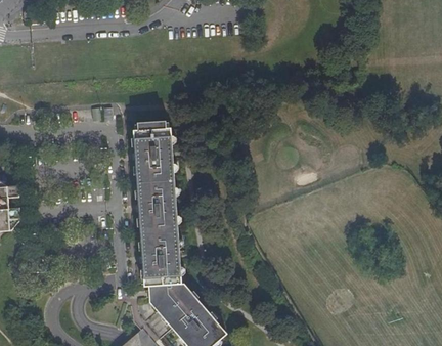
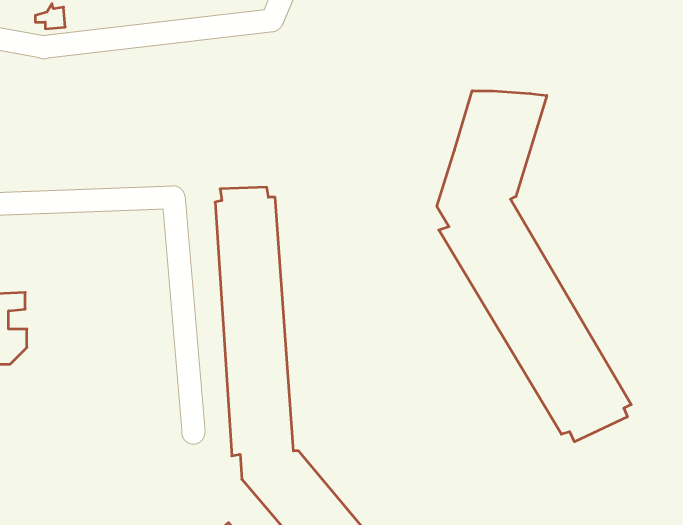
building: none -> [437,91,631,442]

